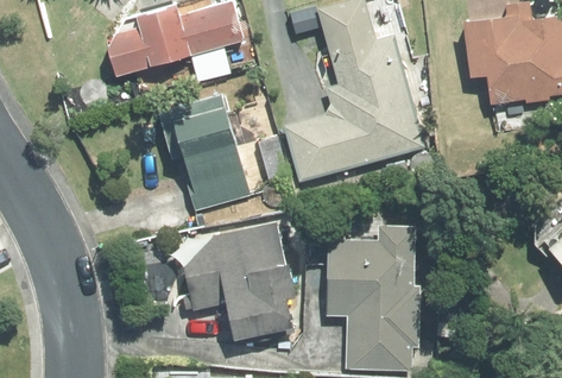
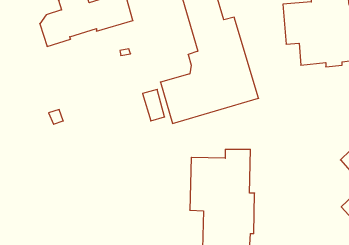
building: [156,89,251,231] -> none
building: [183,225,292,347] -> none

